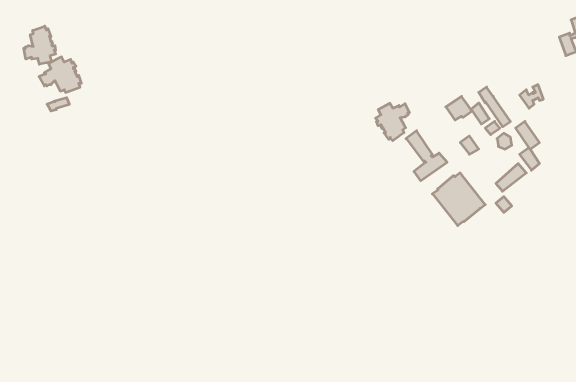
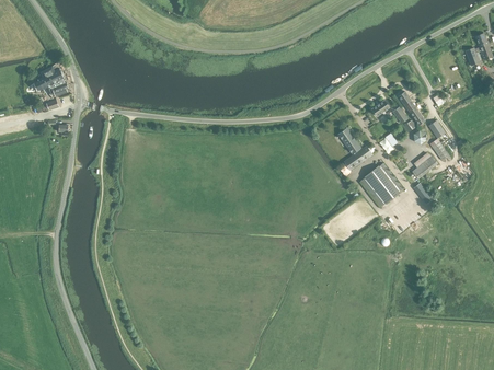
building: [24,26,56,64] -> none
building: [376,103,409,141] -> none

